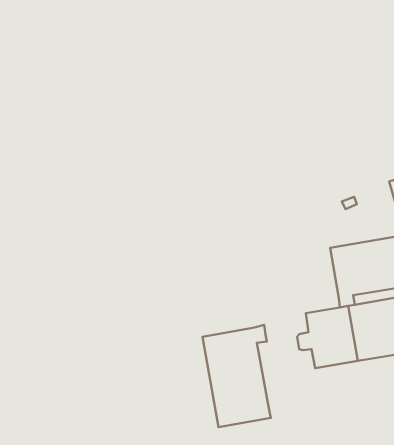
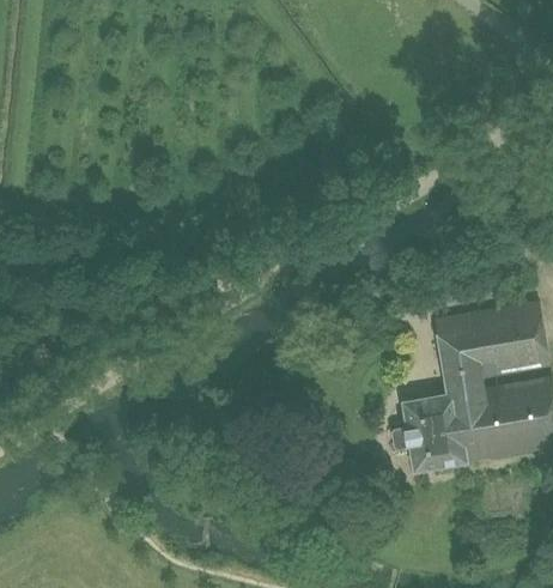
building: [202,325,271,427] -> none

